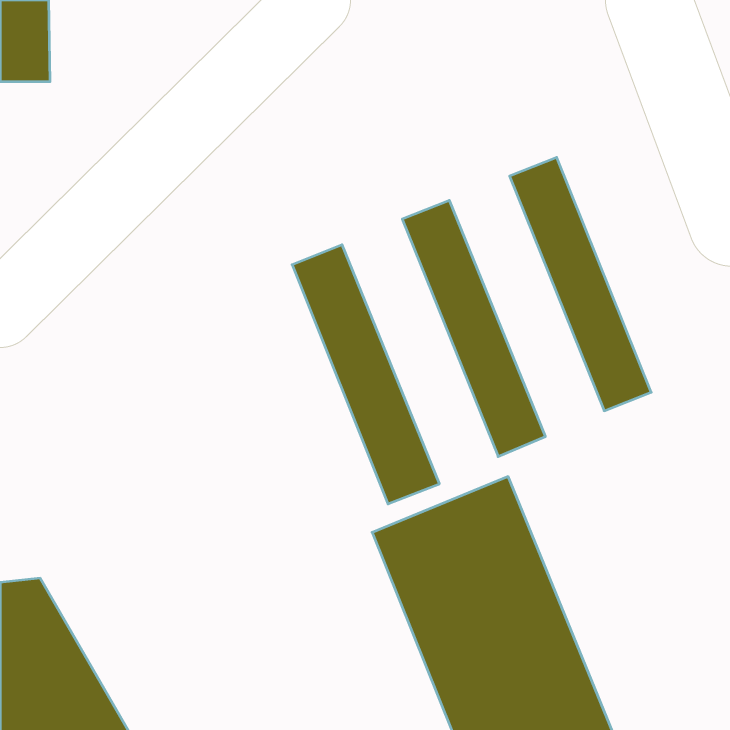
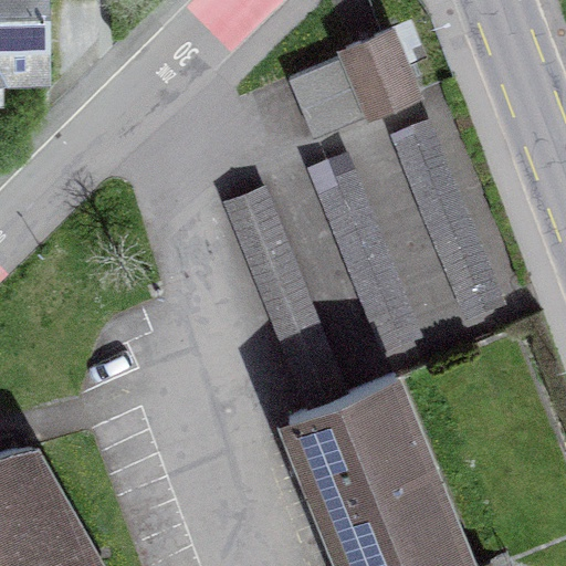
building: none -> [289,24,427,136]

